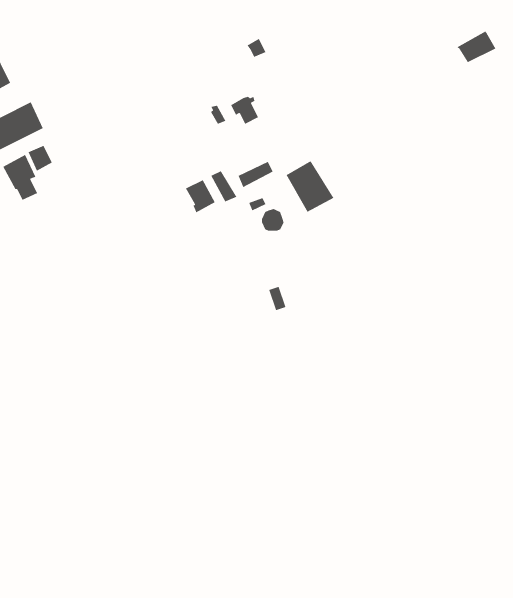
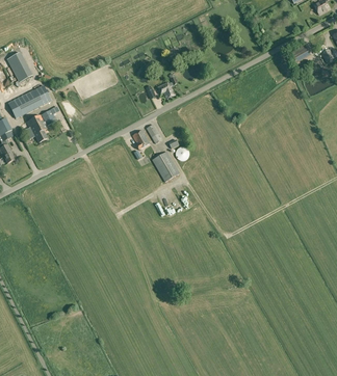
building: [286,160,334,213] -> [152,151,180,181]

